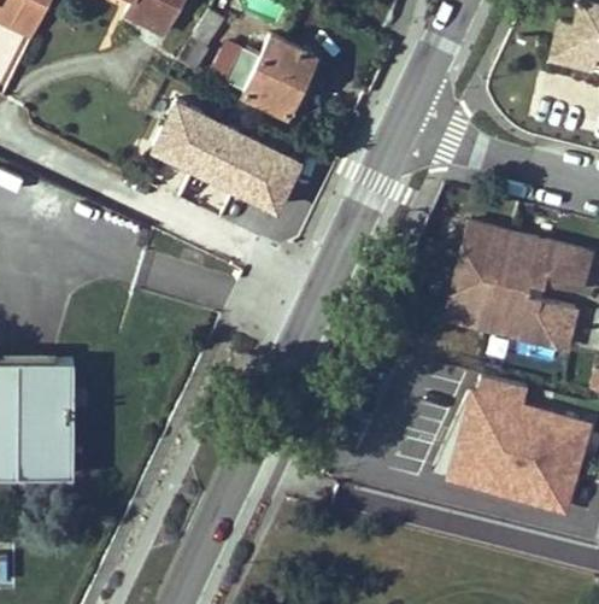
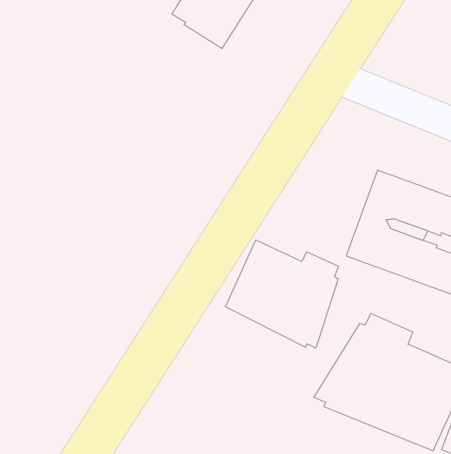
building: [152,98,306,213] -> none
building: none -> [225,240,339,348]

